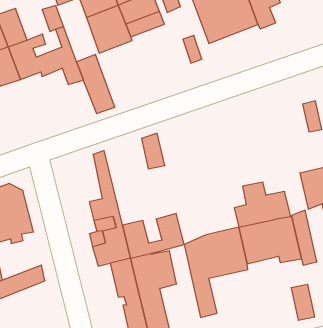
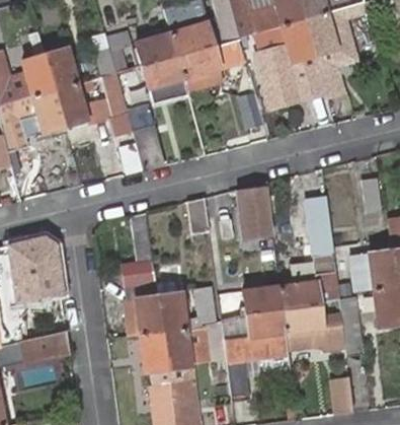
building: none -> [240,189,271,237]
building: none -> [306,198,335,276]
building: none -> [243,286,283,312]

